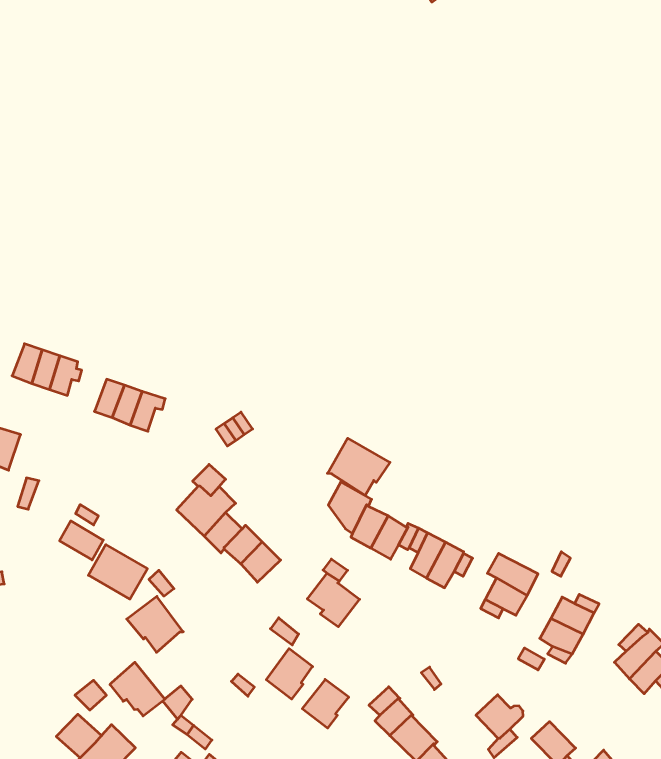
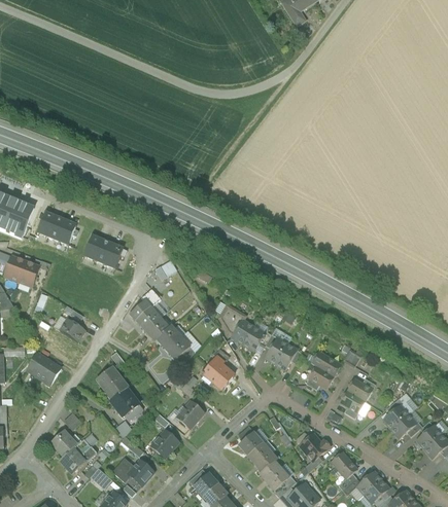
building: [327,438,390,496] -> none
building: [88,545,147,599] -> [26,352,61,385]
building: [110,662,165,716] -> [111,387,143,419]
building: [302,679,349,728] -> [150,430,178,459]

